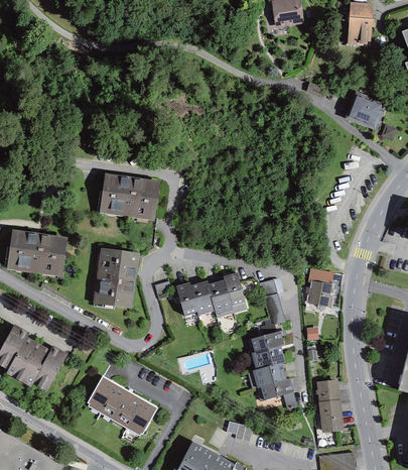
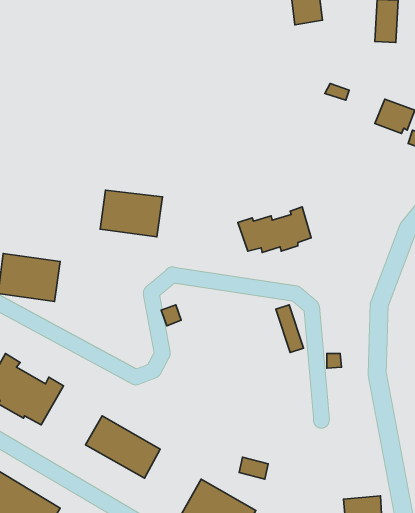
building: [94,252,136,309] -> none
building: [176,271,243,313] -> [238,207,311,252]
building: [310,280,329,303] -> none
building: [252,330,290,398] -> none
building: [318,380,342,429] -> none

